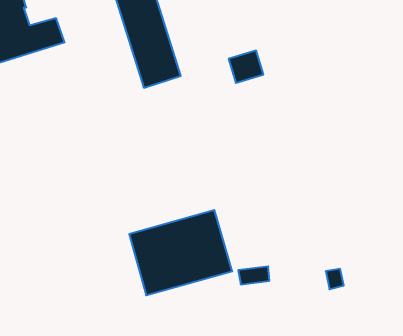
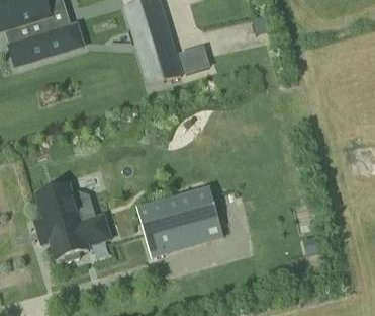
building: [229,51,263,83] -> [179,45,208,72]
building: none -> [34,183,110,256]

